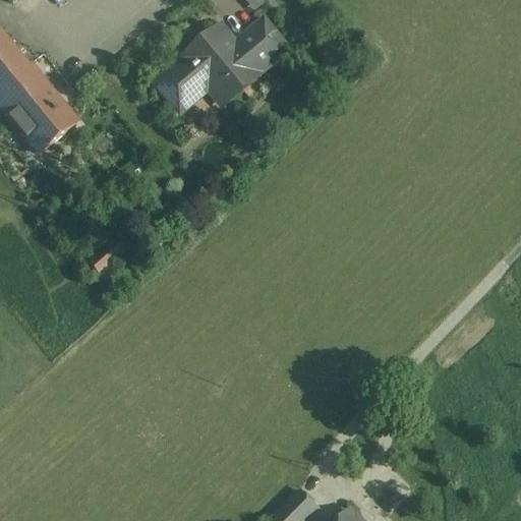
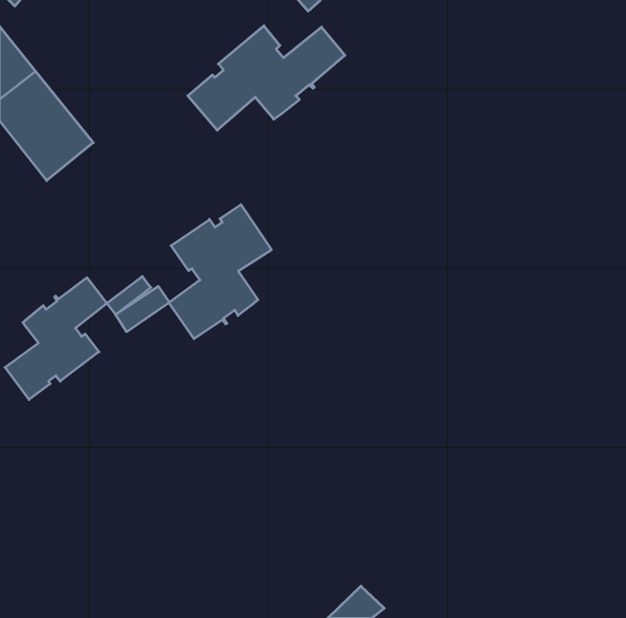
building: none -> [169,205,271,339]
building: none -> [5,278,107,400]

